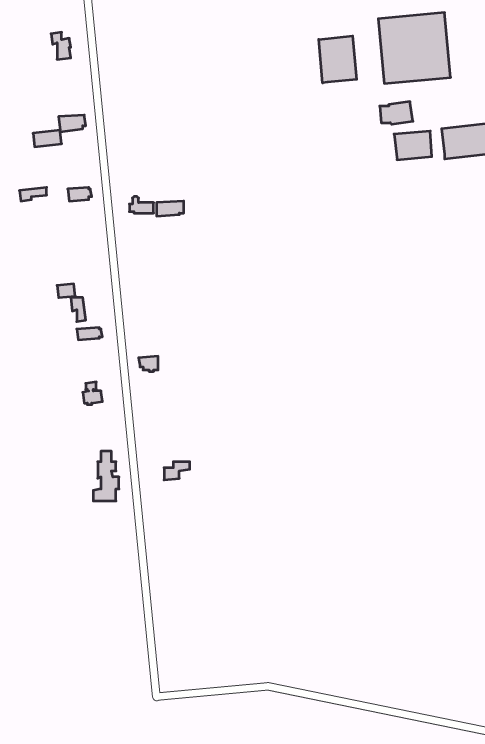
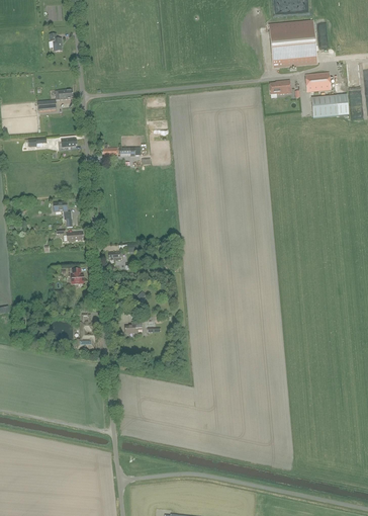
building: [319,36,357,83] -> none
building: [394,131,432,160] -> [305,72,331,91]

